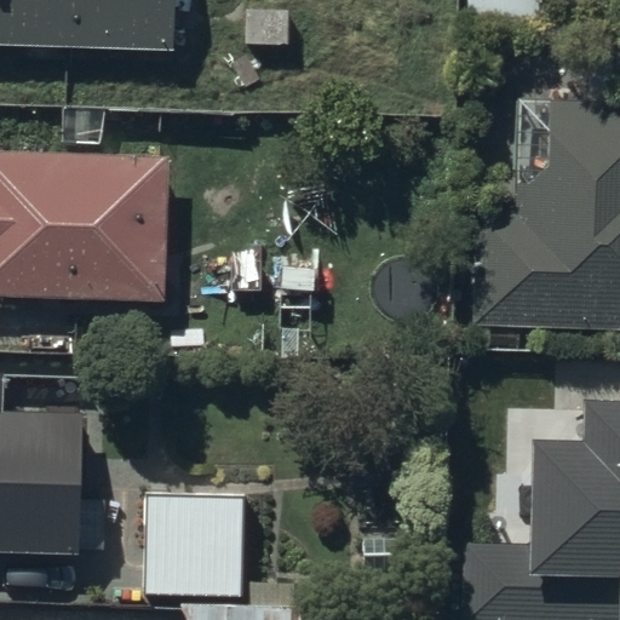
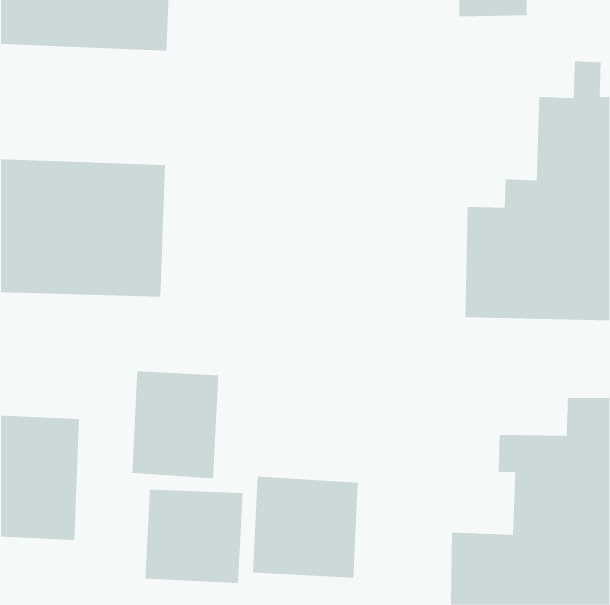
building: none -> [132,371,219,479]
building: none -> [252,476,358,578]

